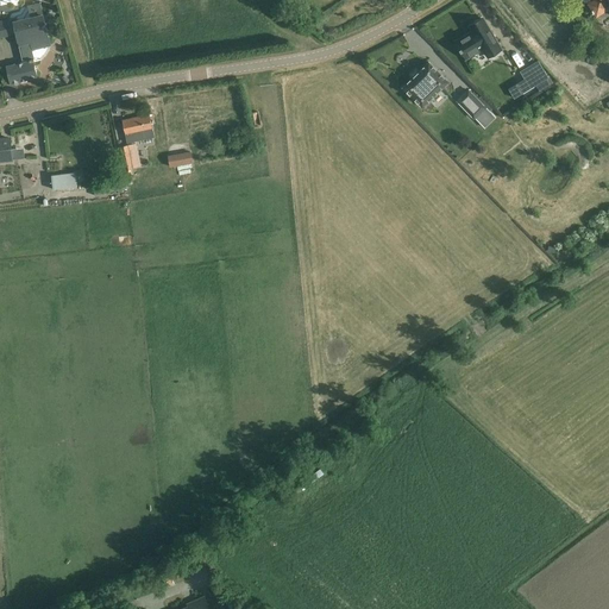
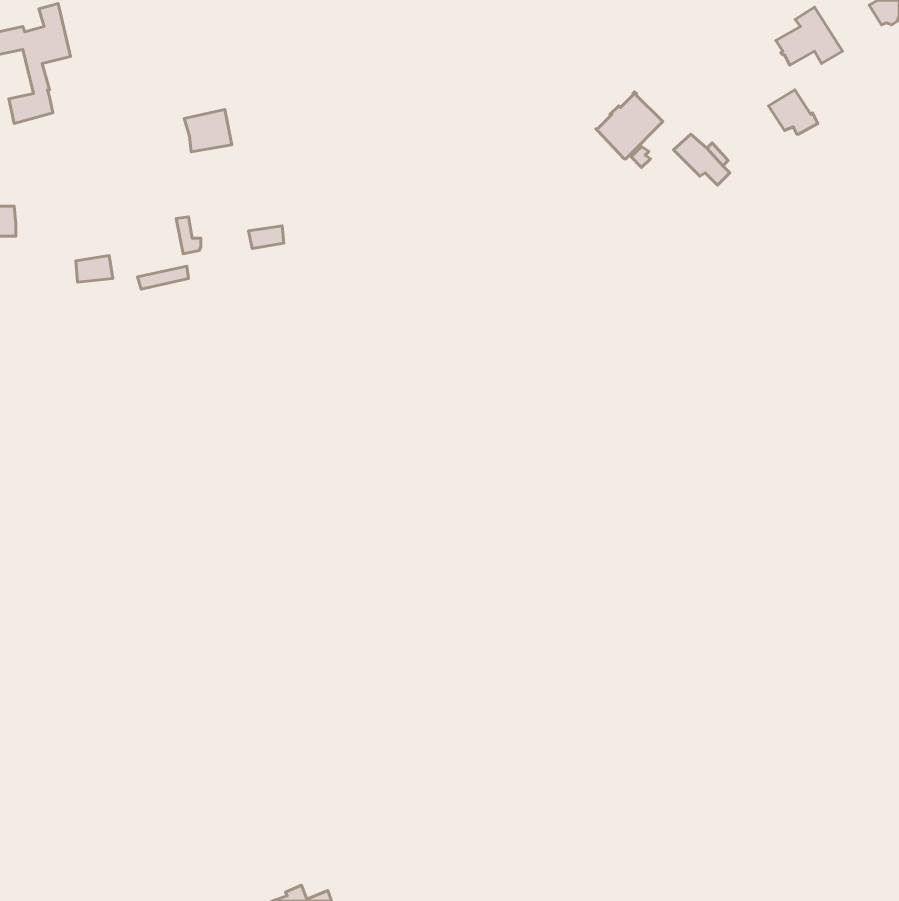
building: [456,19,501,58] -> [776,7,843,65]
building: [121,114,153,143] -> [184,110,232,152]

